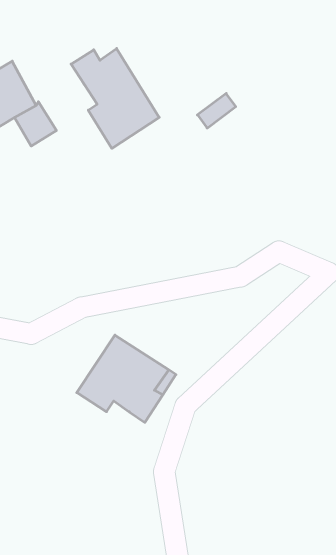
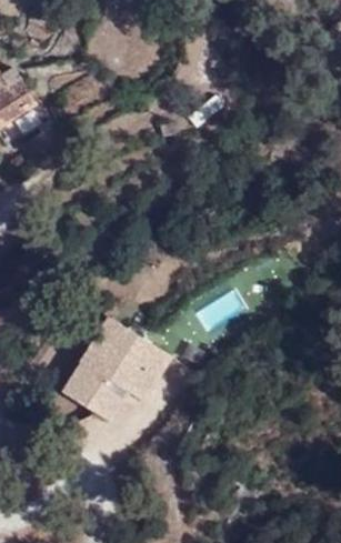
building: [71,48,159,148] -> none
building: none -> [62,373,123,420]

